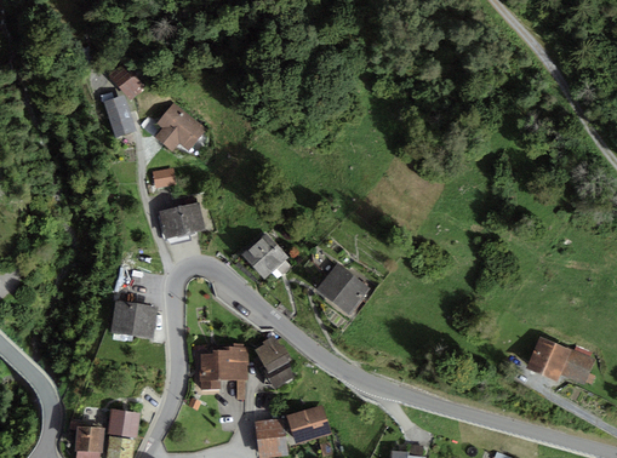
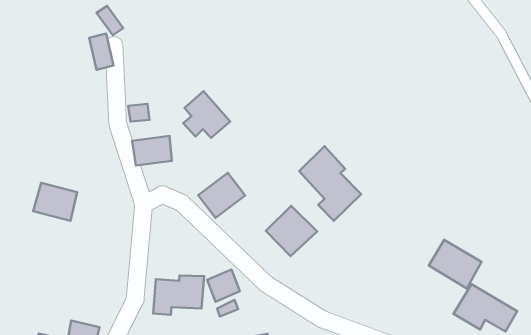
building: [156,98,207,148] -> [183,91,230,138]
building: none -> [299,146,361,221]
building: none -> [429,240,481,289]
building: [107,304,153,343] -> [33,183,77,221]

